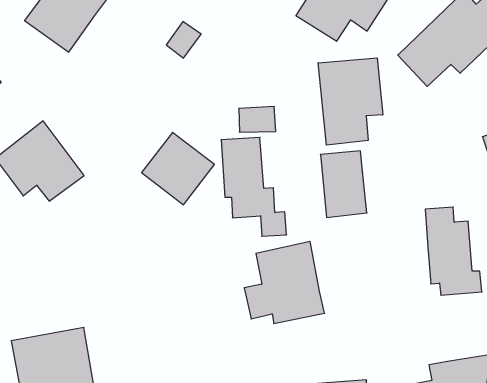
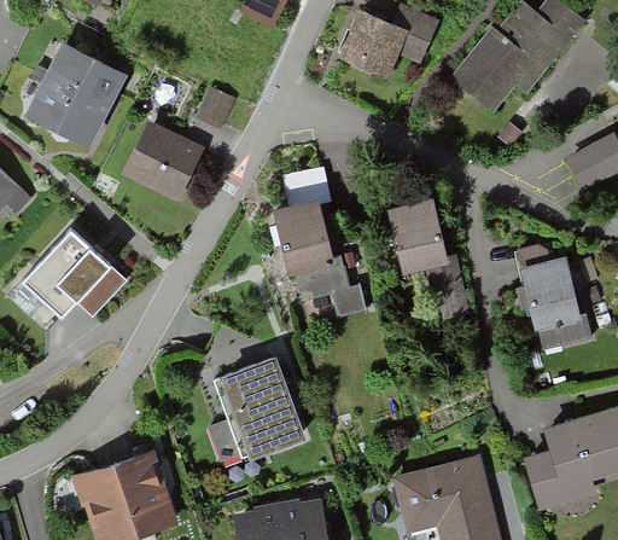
building: [318,58,383,145] -> none
building: [142,132,214,205] -> [124,117,205,197]
building: [244,241,325,324] -> [205,355,301,454]

